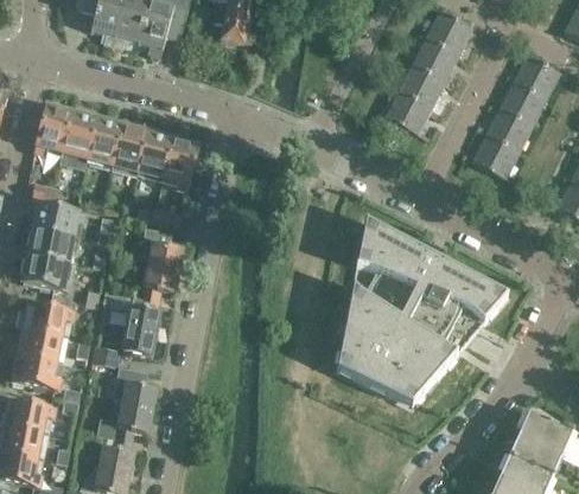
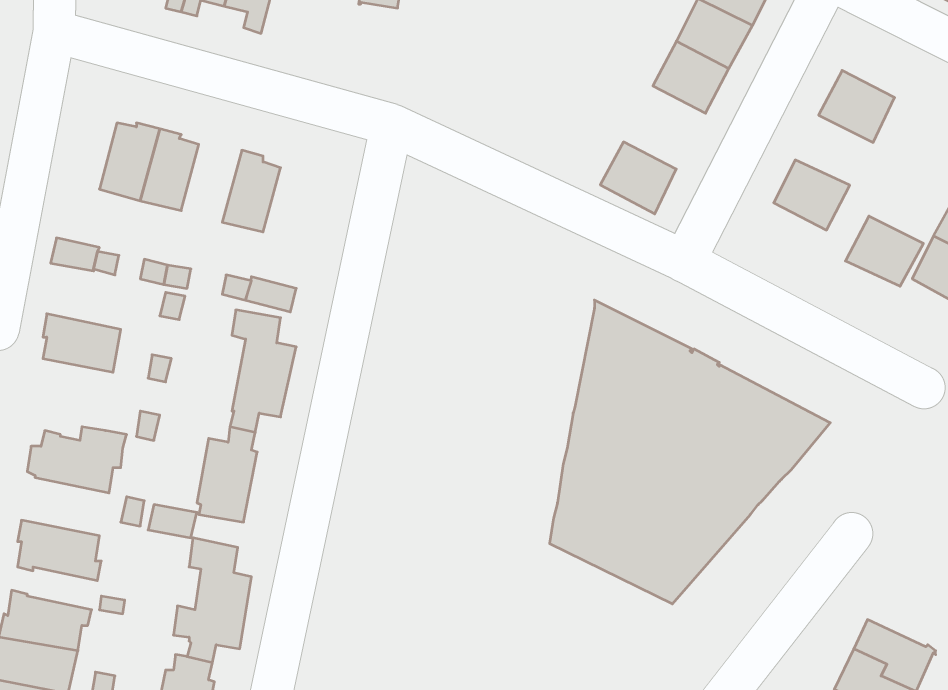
building: [514,54,560,97] -> none
building: [384,90,431,134] -> [600,142,676,214]
building: [33,105,72,154] -> none
building: [485,108,533,150] -> [845,216,923,286]
building: [112,126,148,173] -> none
building: [160,136,199,191] -> none
building: [30,204,87,238] -> none
building: [21,256,76,290] -> none
building: [14,328,68,364] -> none

